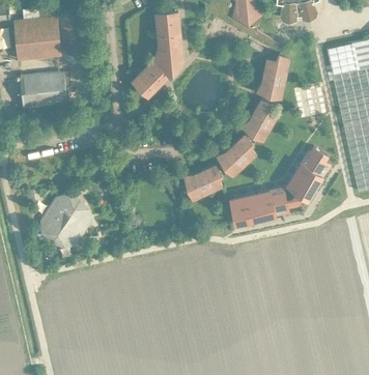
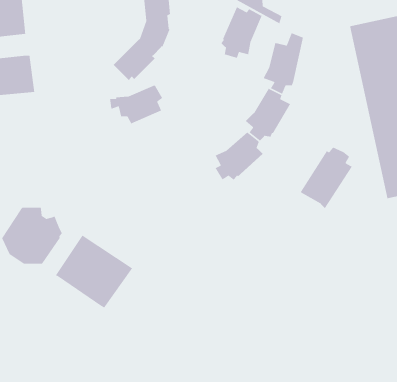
building: none -> [220,6,263,59]
building: [177,165,222,198] -> [109,84,163,125]
building: [230,186,303,224] -> none
building: none -> [55,235,133,308]

